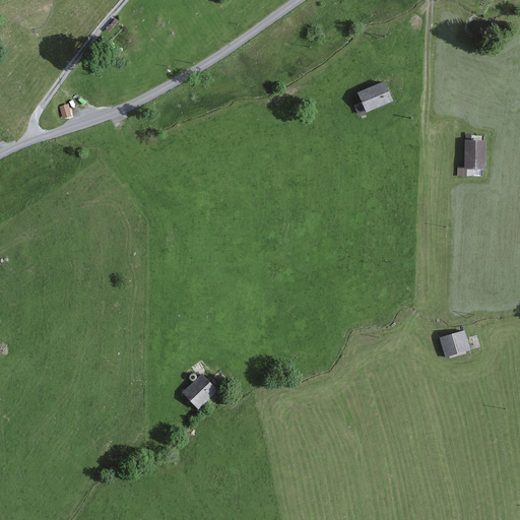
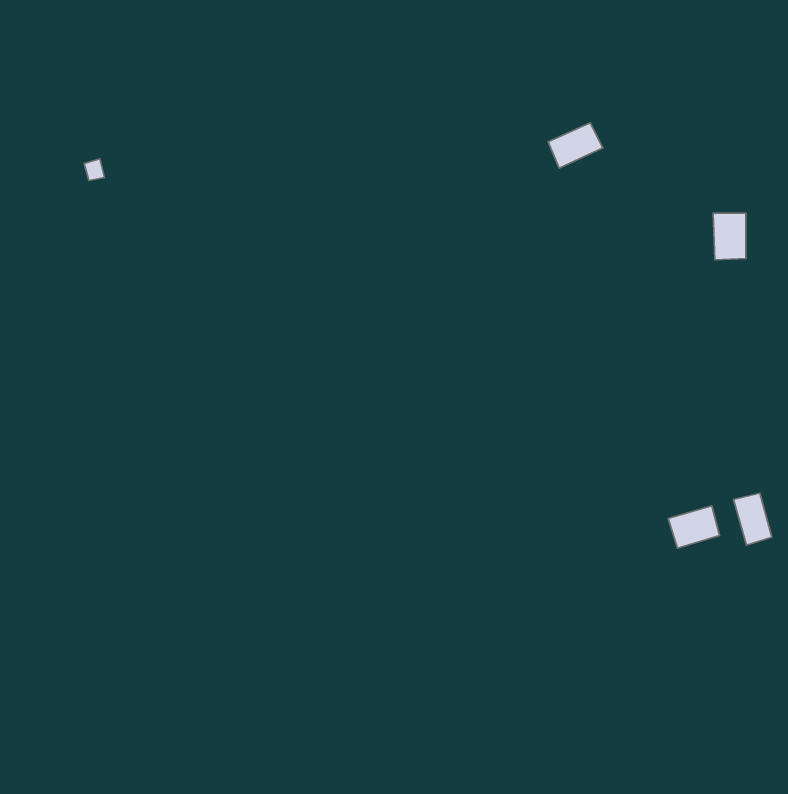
building: none -> [733,493,772,545]
building: [180,375,215,409] -> none

